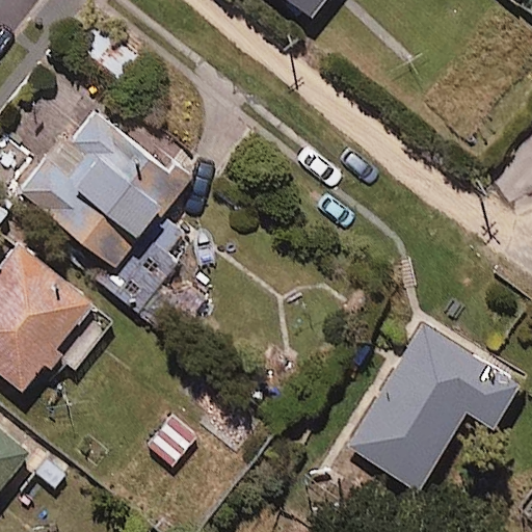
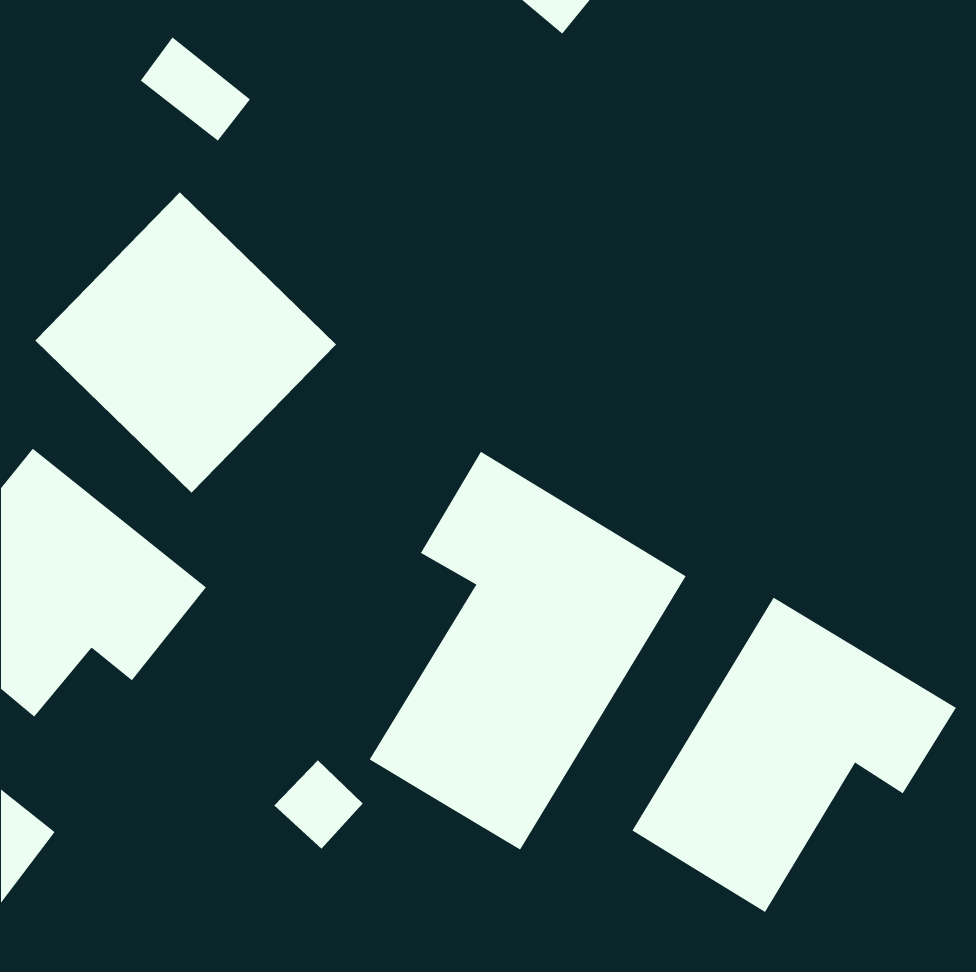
building: none -> [369,451,687,850]

